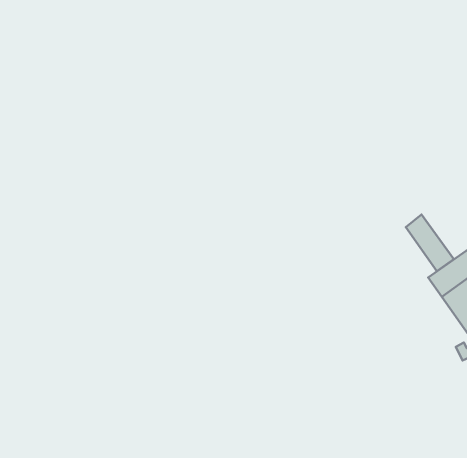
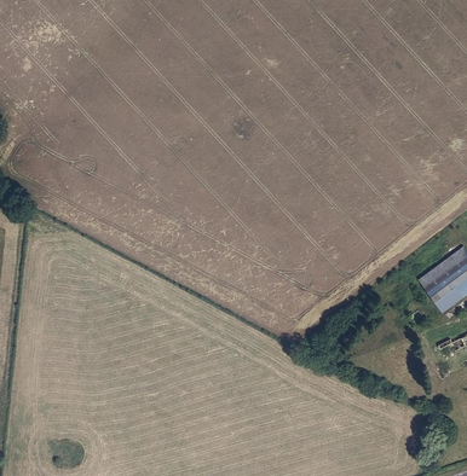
building: [406,214,454,271] -> none

